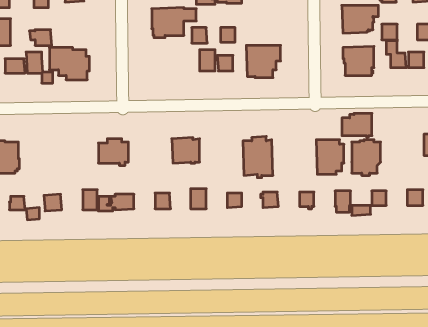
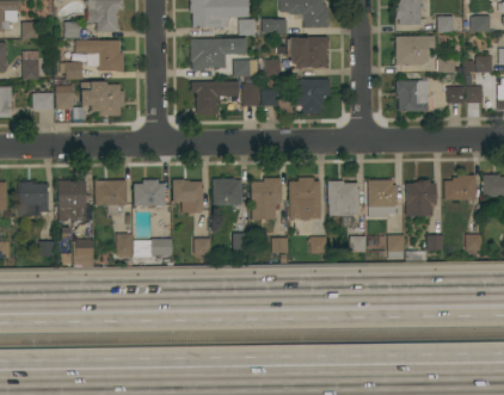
building: none -> [290,37,327,67]
building: none -> [75,39,124,72]
building: none -> [192,81,239,115]
building: [342,113,372,137] -> [444,175,477,200]
building: none -> [251,178,282,220]
building: none -> [173,179,203,212]
building: none -> [59,180,86,217]
building: none -> [96,180,128,215]
building: none -> [328,180,358,216]

